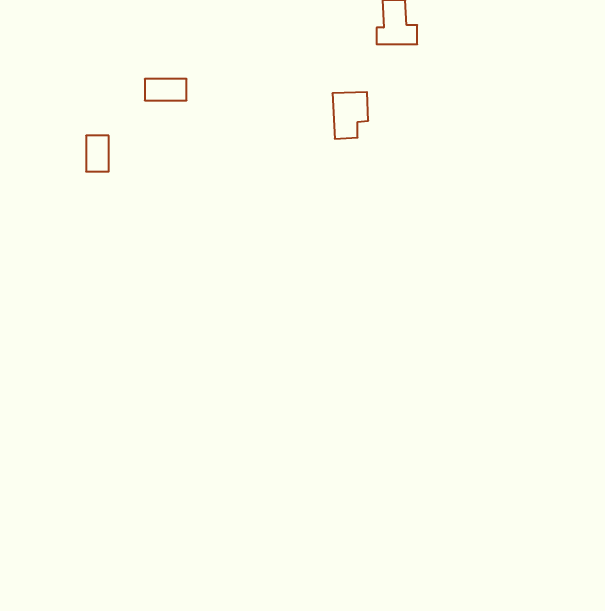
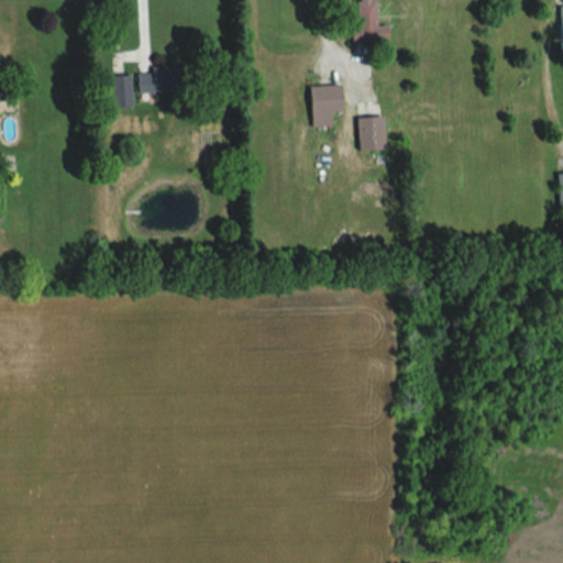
building: none -> [360,117,386,151]
building: [86,136,109,172] -> [113,74,134,107]

